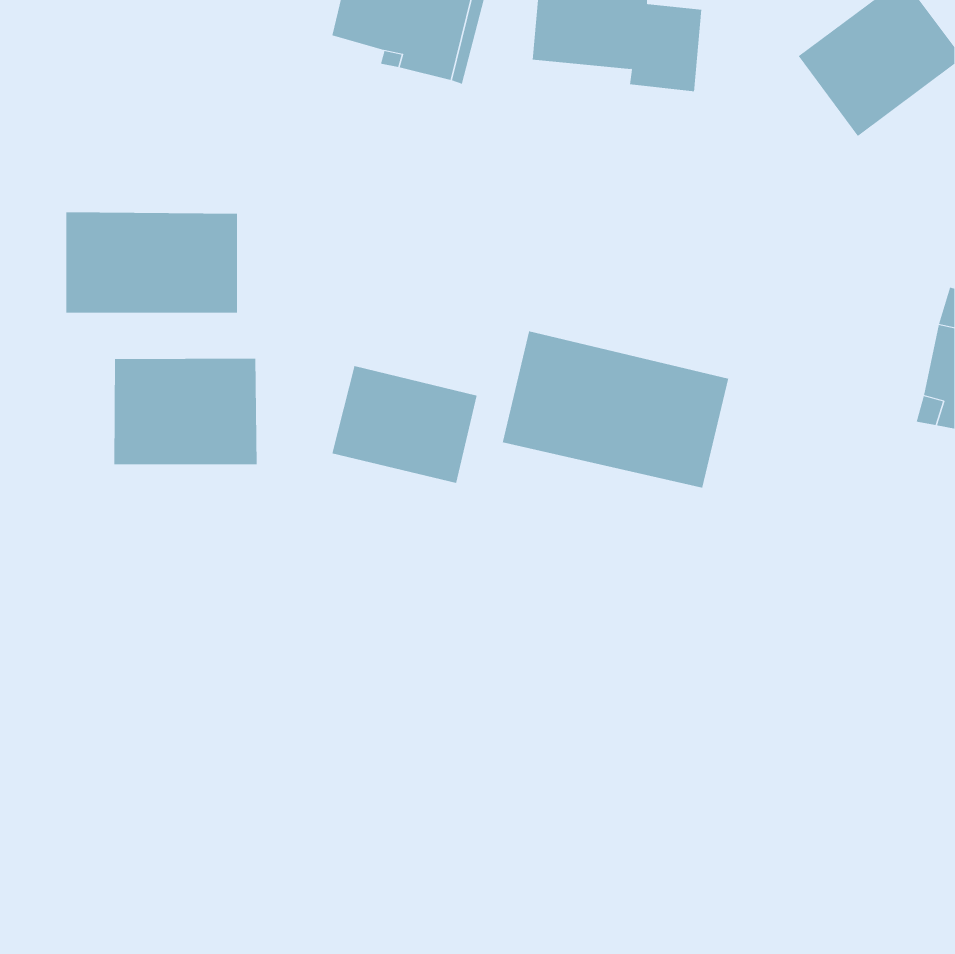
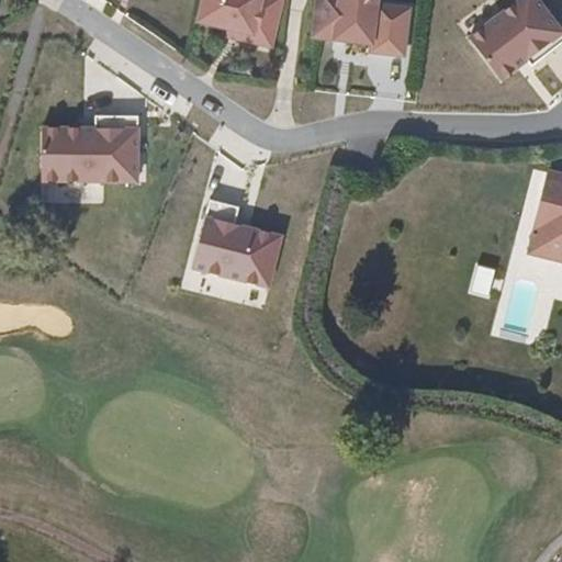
building: [502,331,729,489] -> none
building: [114,358,257,465] -> none

